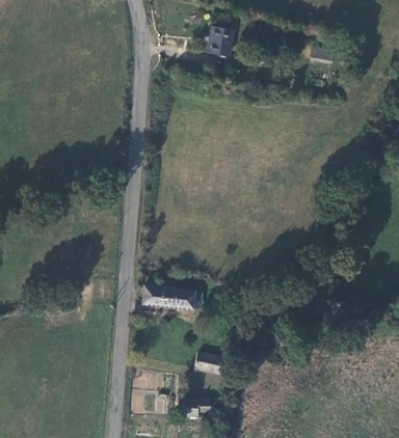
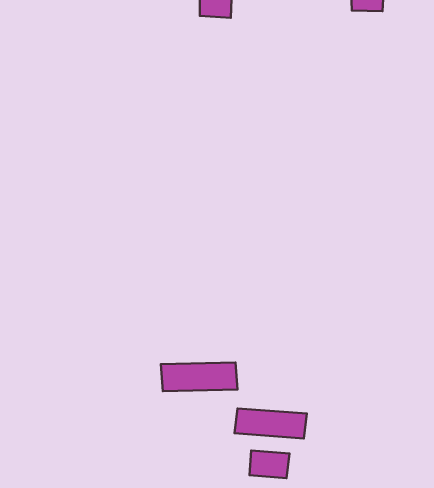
building: none -> [234,409,307,438]

